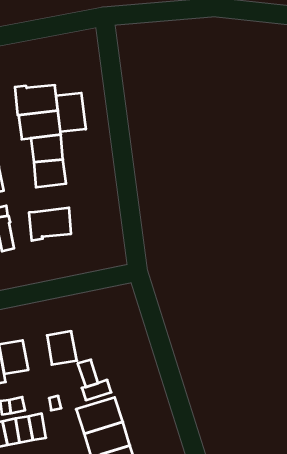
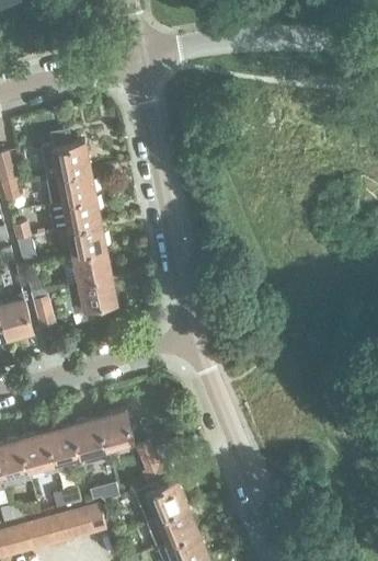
building: [56,93,86,132] -> none
building: none -> [73,249,112,283]
building: none -> [72,417,106,457]

